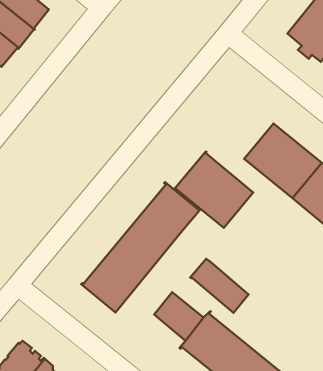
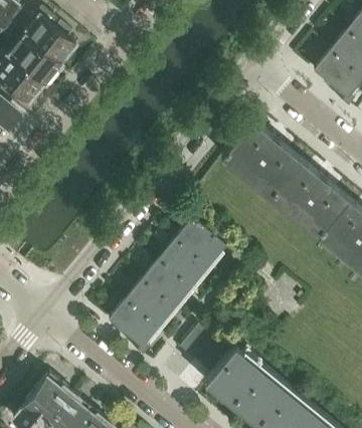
building: [174,152,253,228] -> [221,119,300,194]
building: [190,259,248,313] -> none

